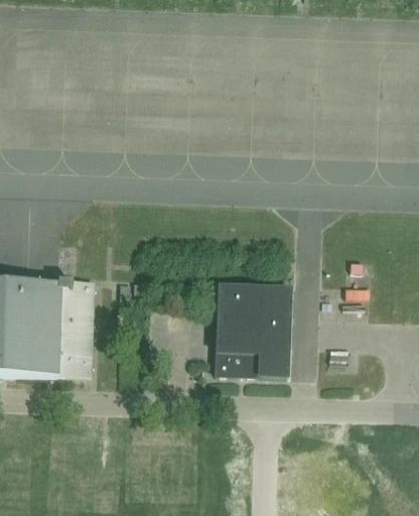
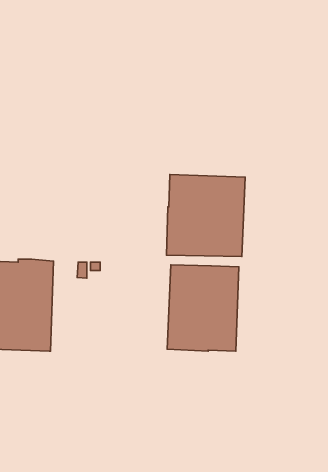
building: none -> [167,174,245,257]

